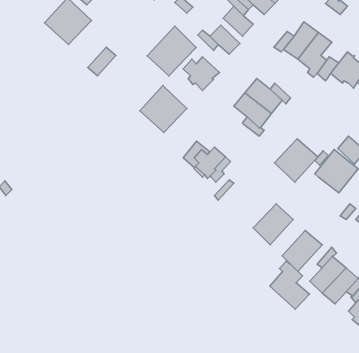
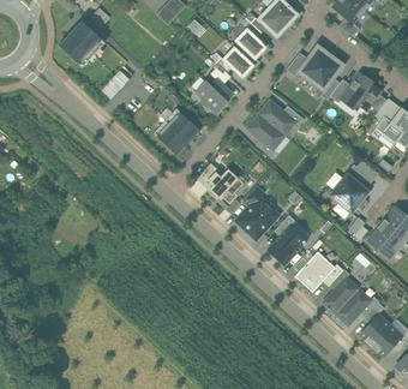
building: [147,26,196,76] -> none
building: [274,139,318,182] -> [235,196,278,239]
building: [270,261,309,309] -> none

